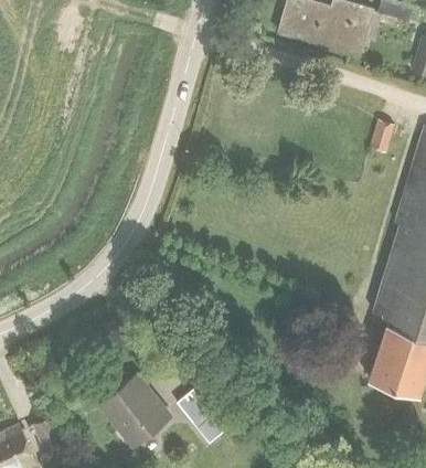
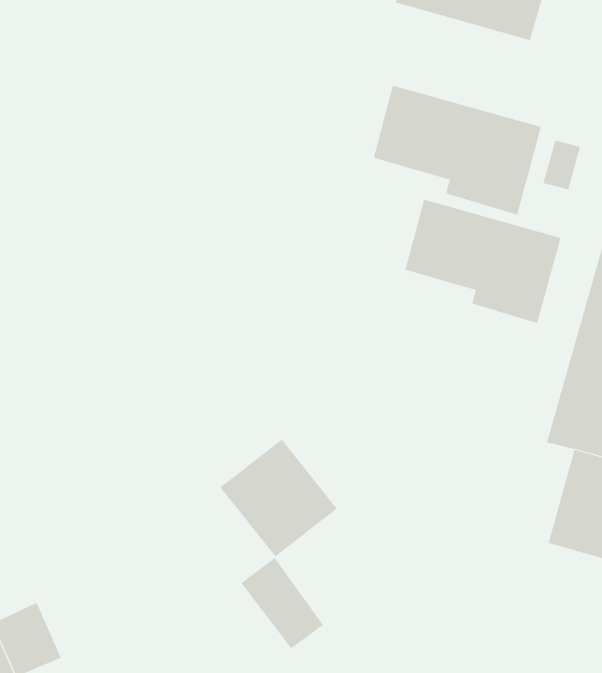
building: none -> [373,85,542,215]
building: none -> [405,199,561,324]
building: [99,373,174,448] -> [219,439,338,557]

